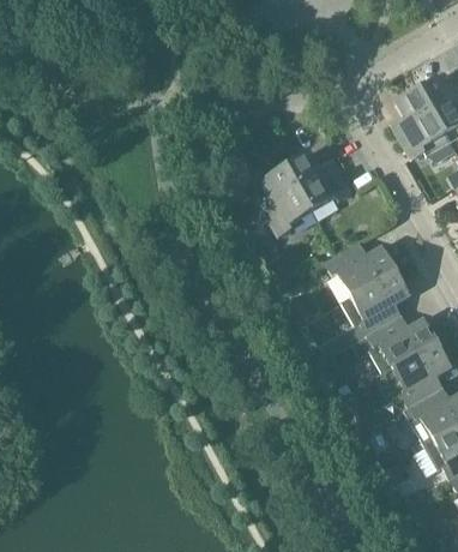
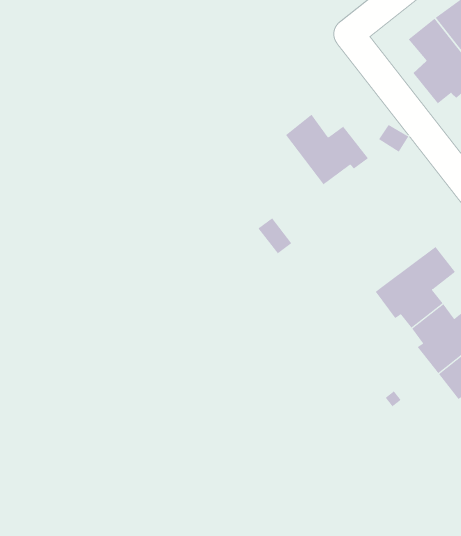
building: [261,163,312,233] -> none
building: [325,244,396,294] -> none

